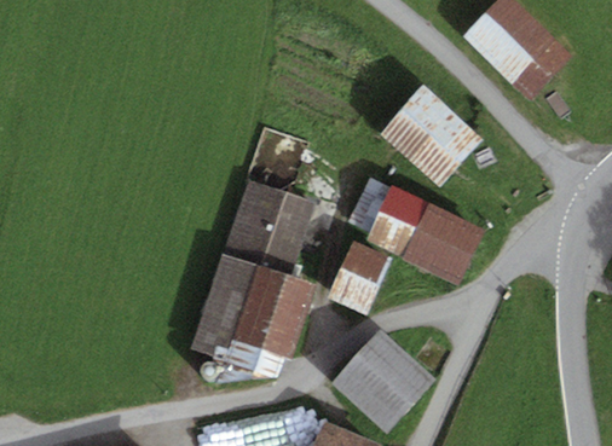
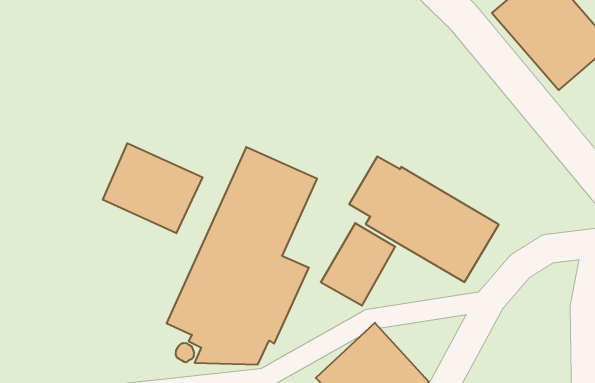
building: [379,85,483,187] -> none
building: none -> [103,143,203,233]

